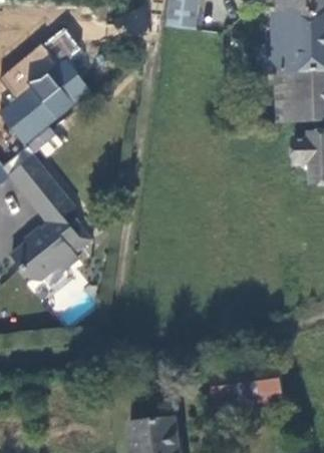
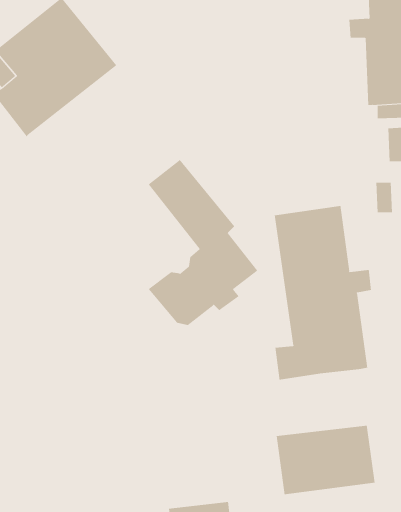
building: [9,155,91,280] -> [148,159,258,326]
building: none -> [274,205,371,380]

